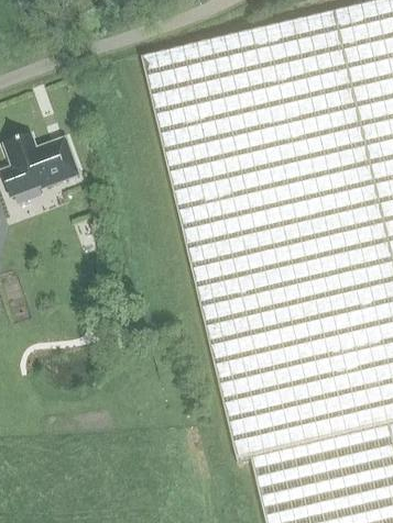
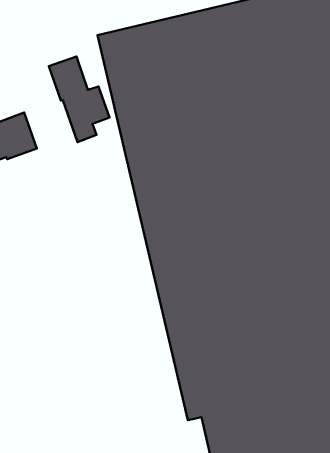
building: none -> [49,56,109,142]

